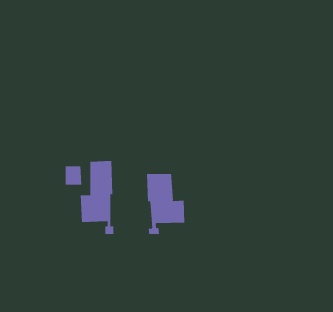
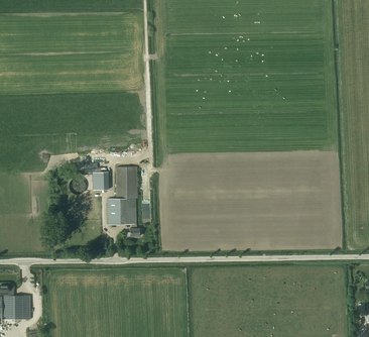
building: [146,173,185,235] -> none

